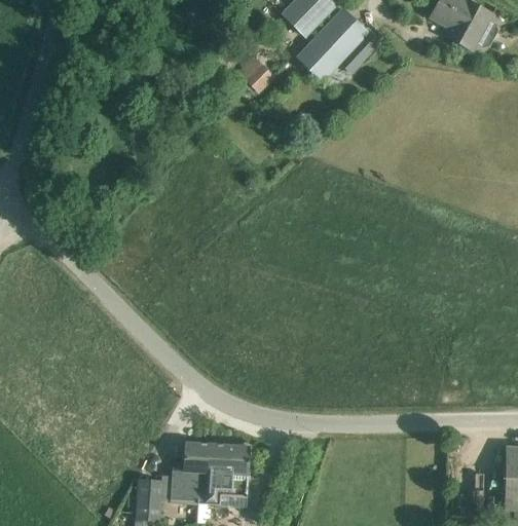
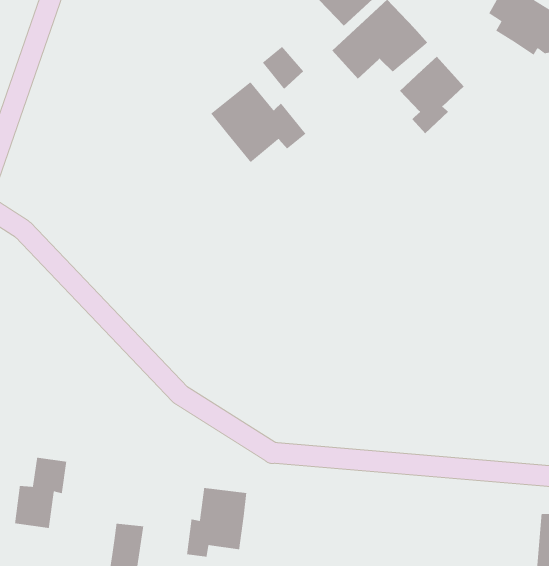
building: none -> [399,56,465,134]
building: none -> [210,81,307,163]
building: [170,441,212,502] -> [14,457,67,529]

